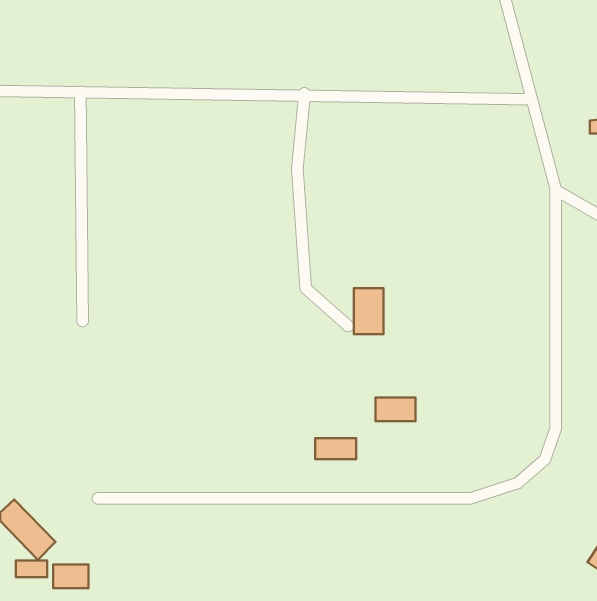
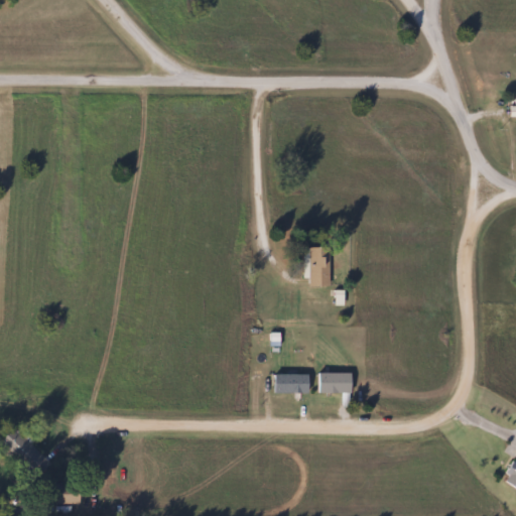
building: [375,398,416,421] -> [318,372,353,392]
building: [16,561,47,577] -> none

